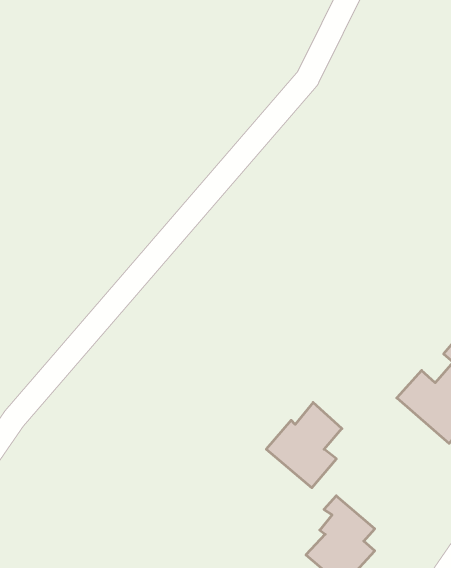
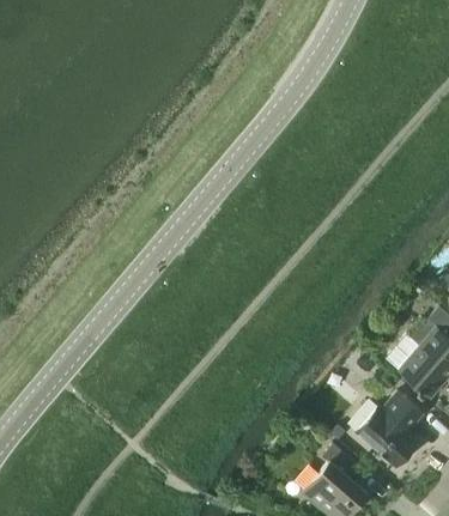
building: [266,402,342,488] -> [357,394,423,468]

